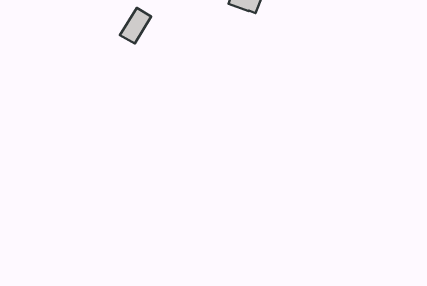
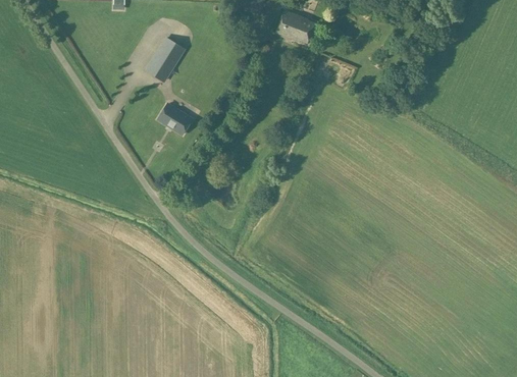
building: none -> [158,103,192,134]

